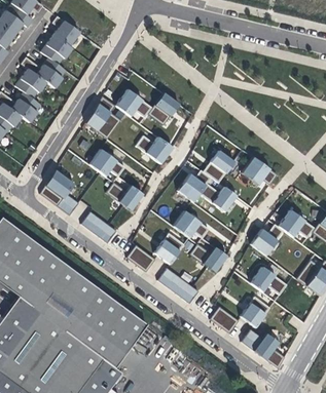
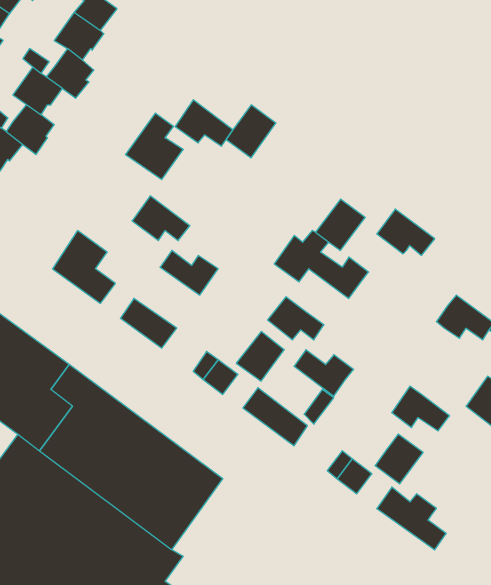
building: [137,135,173,163] -> none
building: [251,224,284,254] -> none

